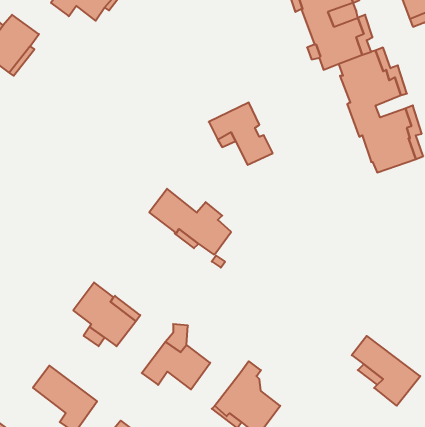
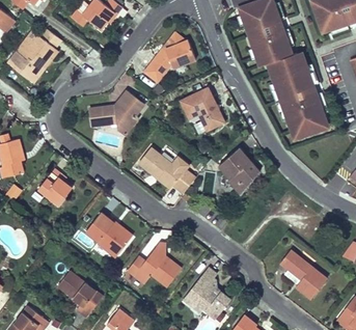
building: none -> [143,32,195,82]
building: none -> [88,90,143,130]
building: none -> [218,147,259,190]
building: none -> [38,169,72,205]

